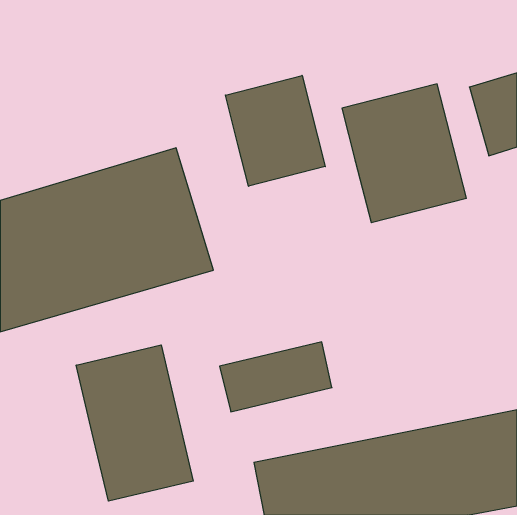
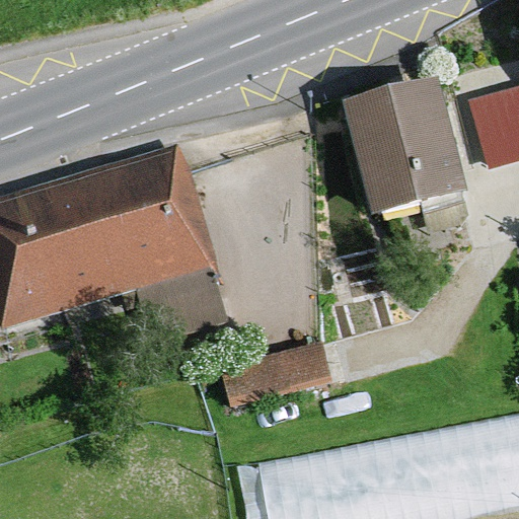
building: [225,75,325,186] -> none
building: [76,345,193,501] -> none

